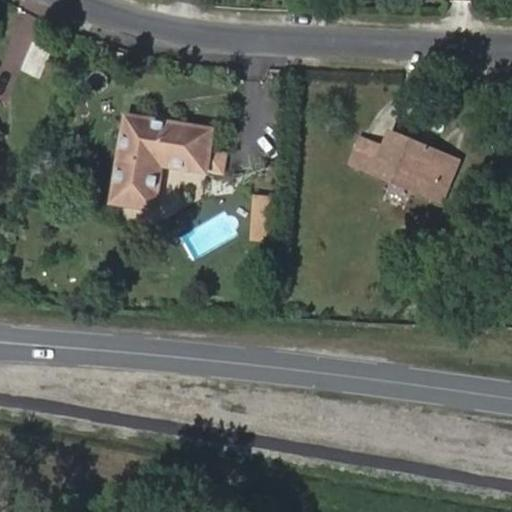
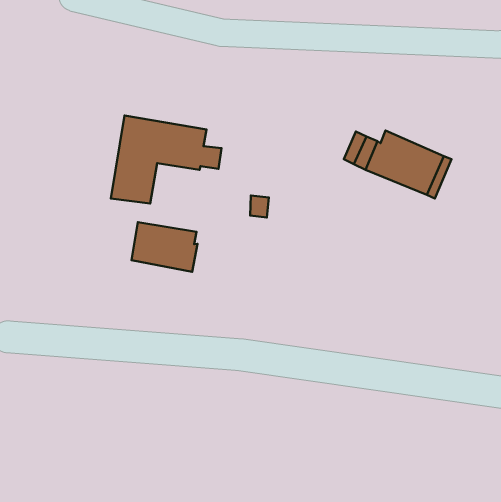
building: none -> [132,222,197,272]

